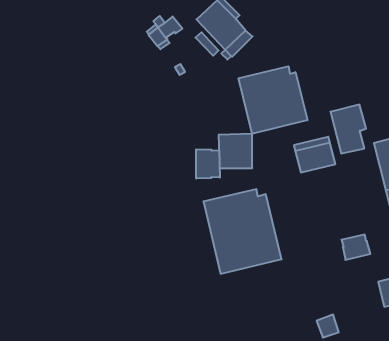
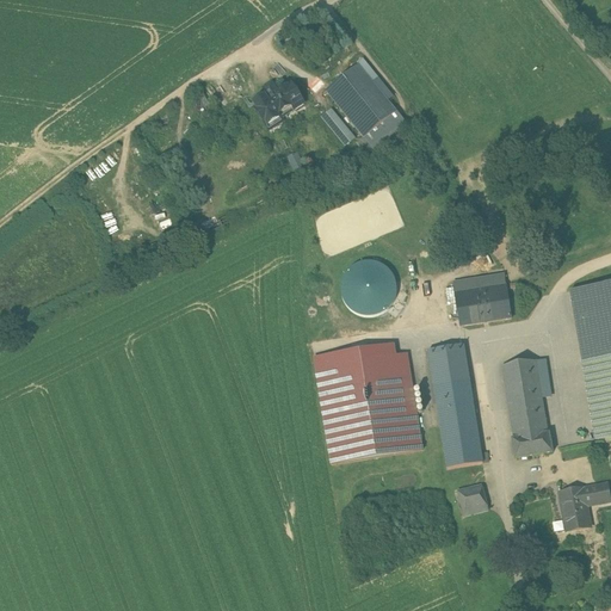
building: [239,66,307,134] -> none
building: [330,105,366,153] -> [500,356,550,425]
building: [196,149,220,179] -> none
building: none -> [427,340,482,465]
building: [317,315,339,338] -> [456,481,487,513]

